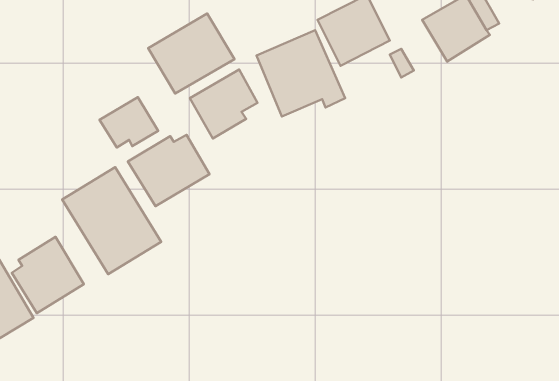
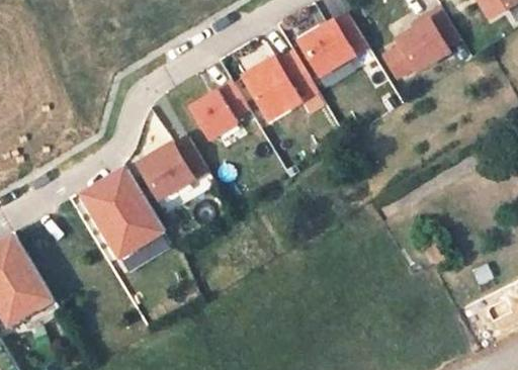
building: [148,14,234,94] -> none
building: [99,97,158,147] -> none
building: [12,237,84,313] -> none

